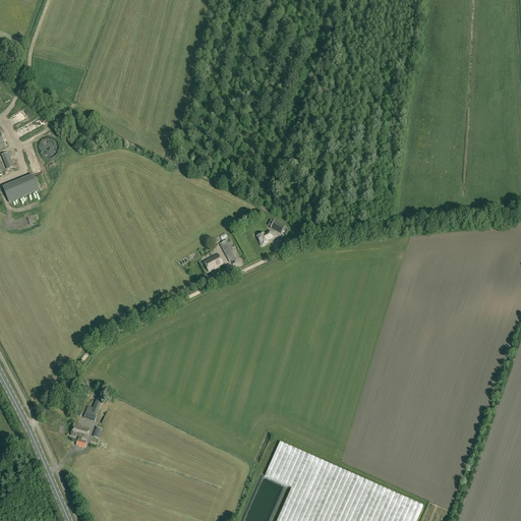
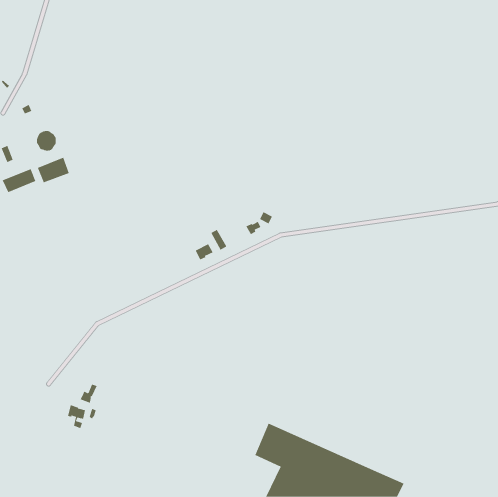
building: none -> [37,157,69,183]

